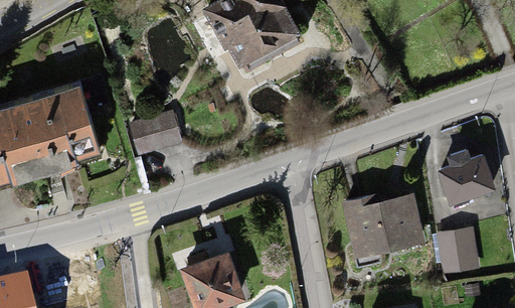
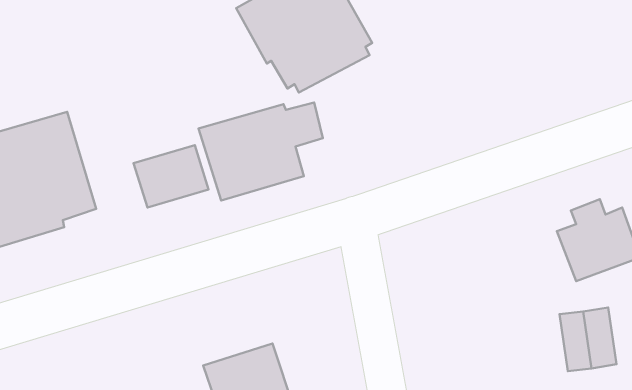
building: none -> [199,102,323,200]
building: [339,192,425,269] -> none

